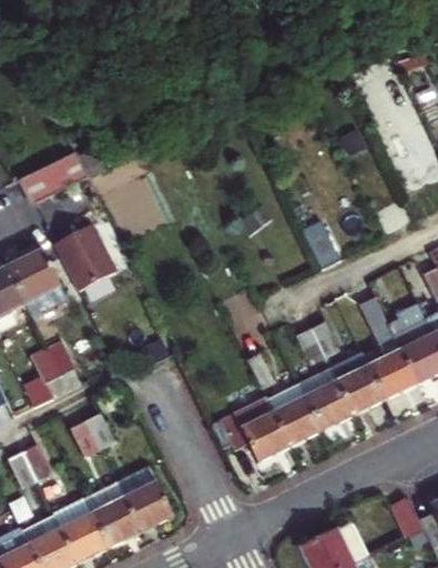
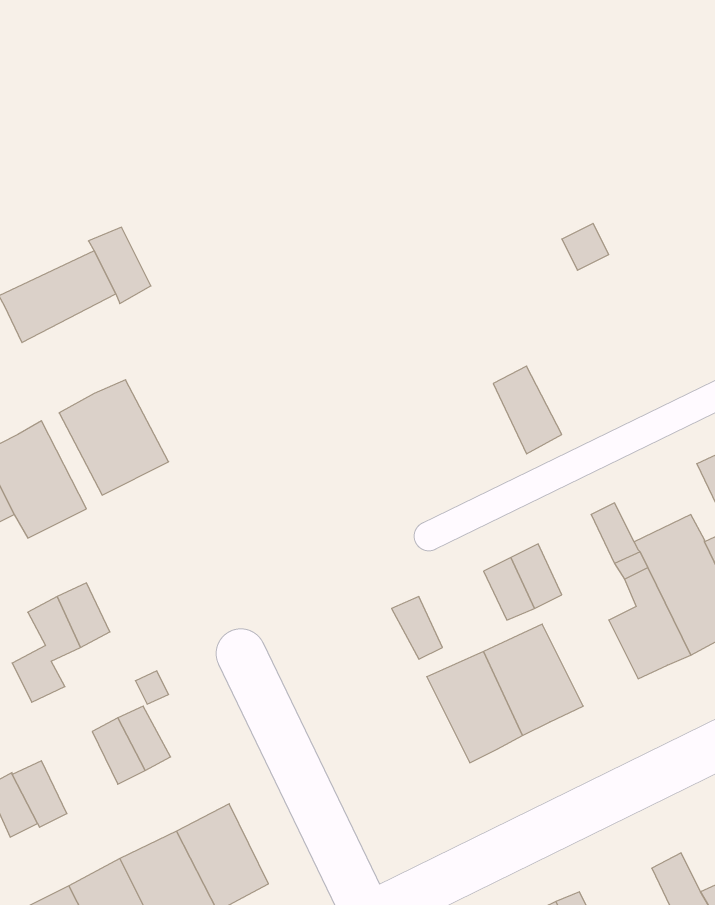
building: [327,351,381,413] -> none
building: [207,396,286,460] -> none

